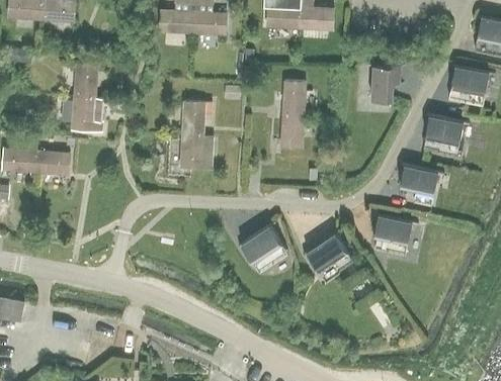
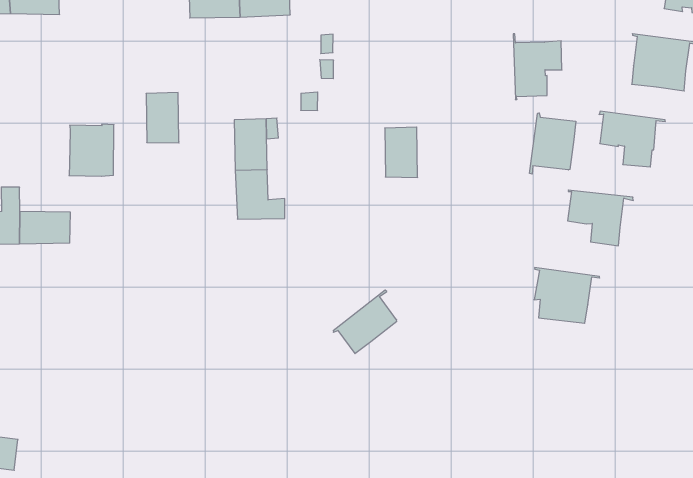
building: [75,64,98,98] -> [146,93,179,143]
building: [283,81,306,115] -> none
building: none -> [530,113,576,174]
building: [304,229,347,270] -> none

